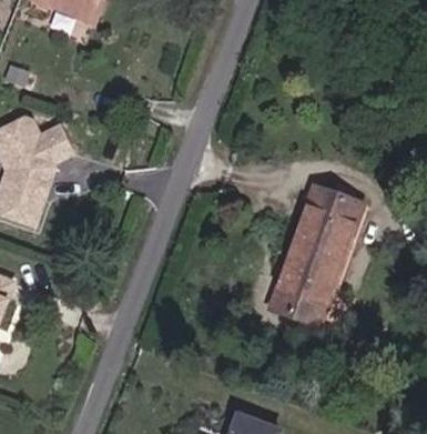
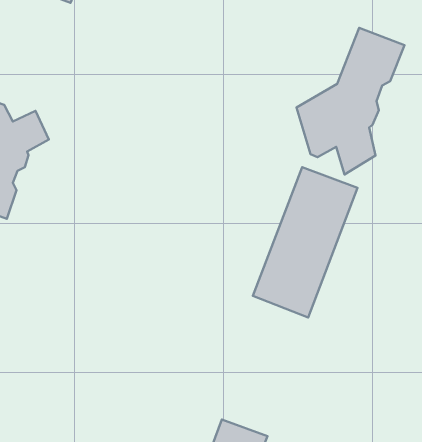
building: none -> [297,28,405,174]

